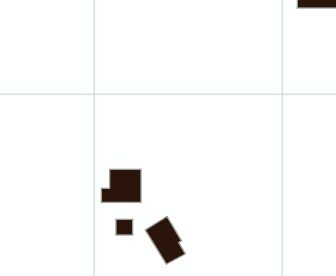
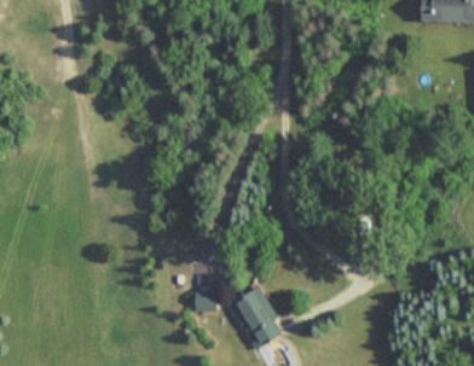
building: [101,169,141,203] -> none

